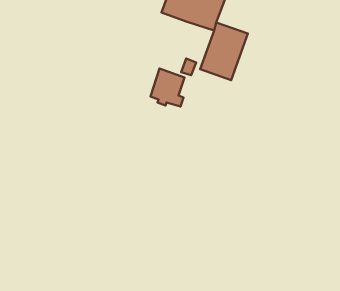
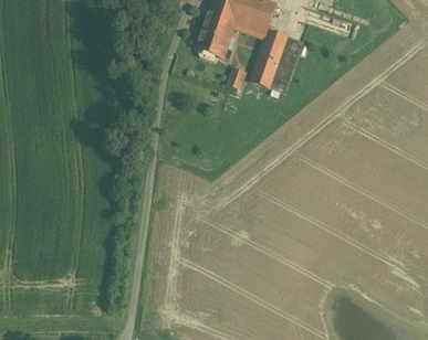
building: [151,69,184,106] -> [196,18,233,60]

